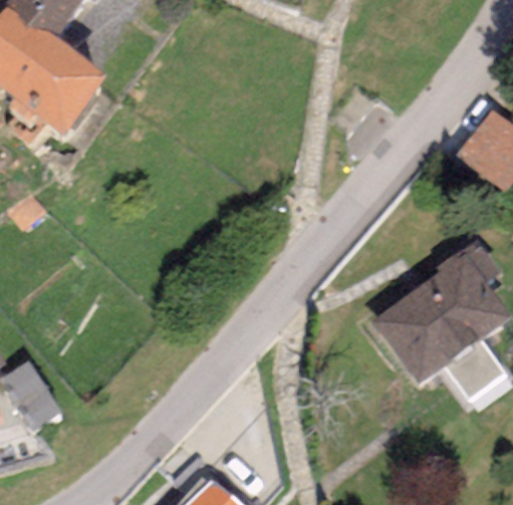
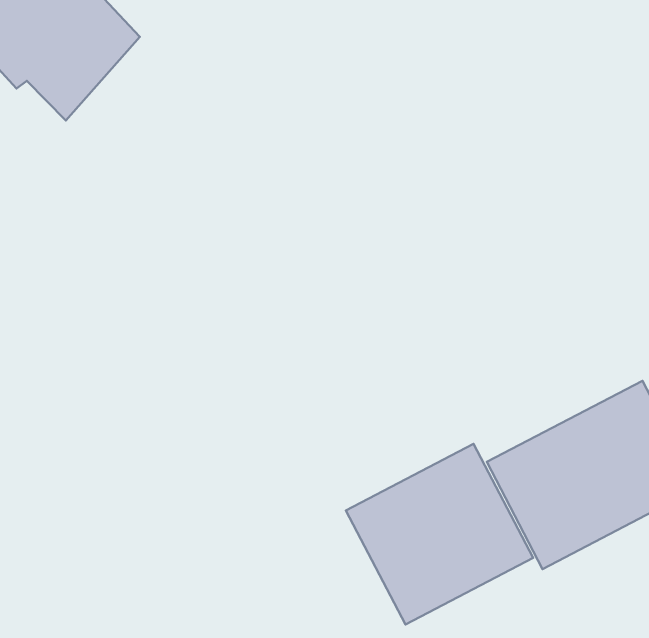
building: none -> [346,444,533,624]

